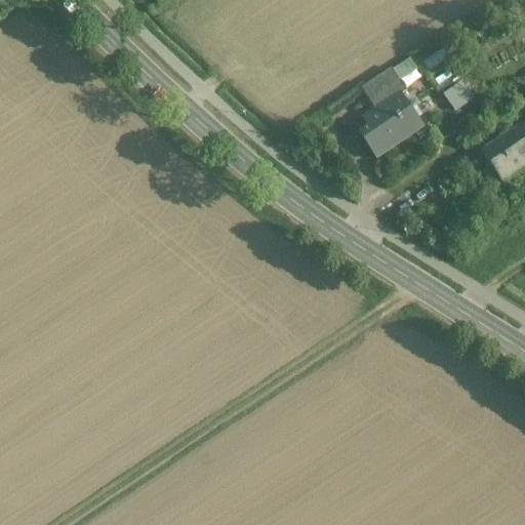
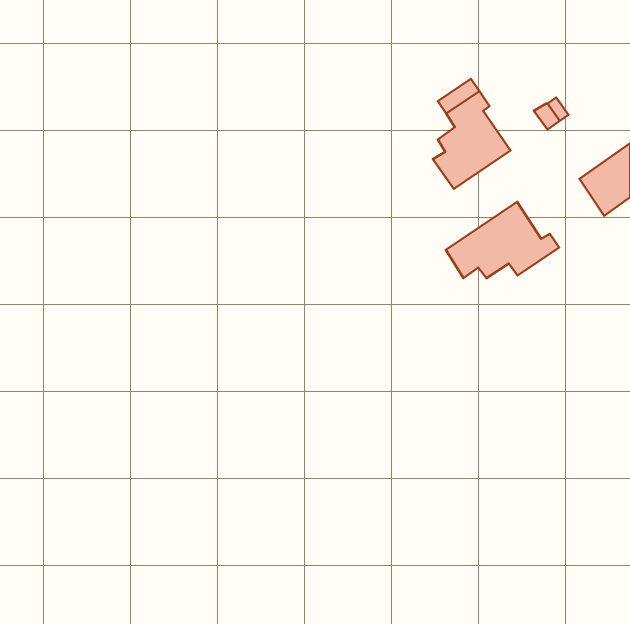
building: none -> [446,202,559,278]

